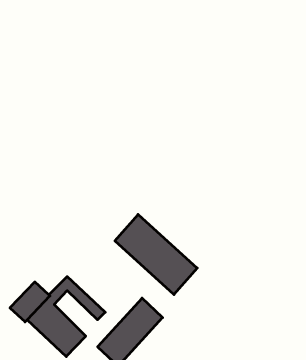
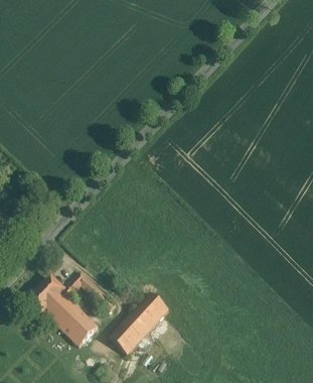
building: [115,214,197,295] -> none

